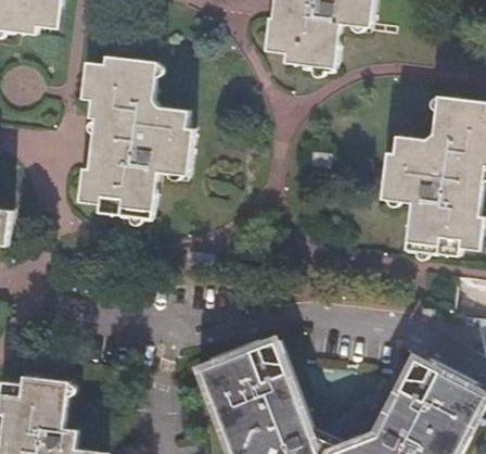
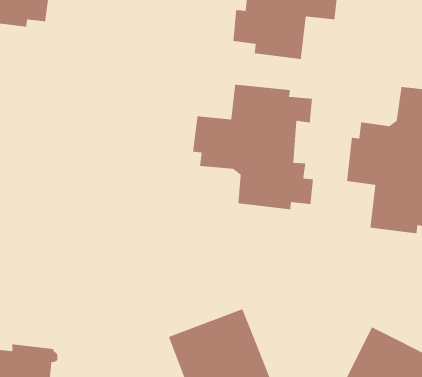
building: [77,56,194,224] -> none
building: none -> [192,84,314,210]

